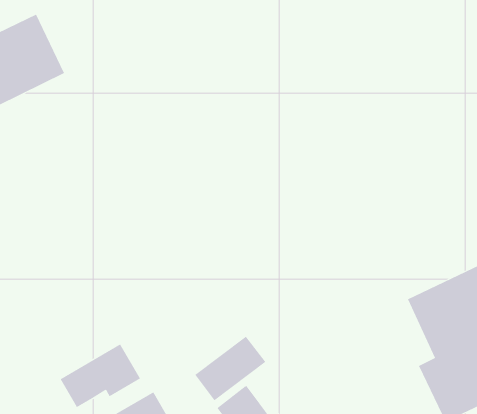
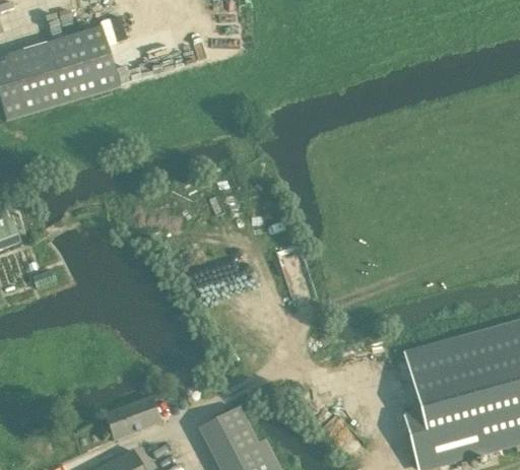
building: [194,336,266,401] -> none
building: [60,343,141,408] -> none

